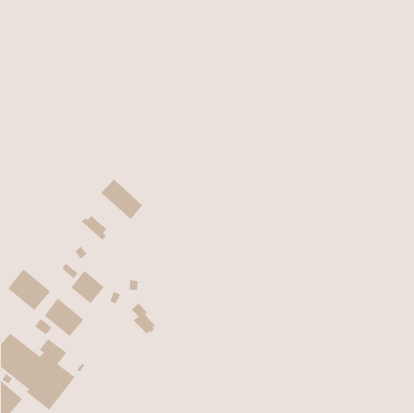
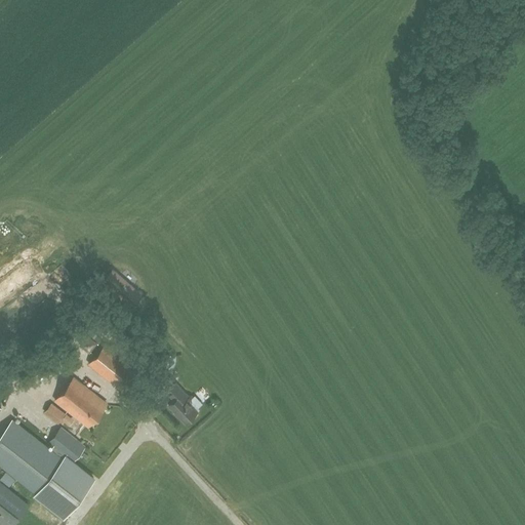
building: [101,179,143,220] -> none
building: [8,269,51,311] -> none

